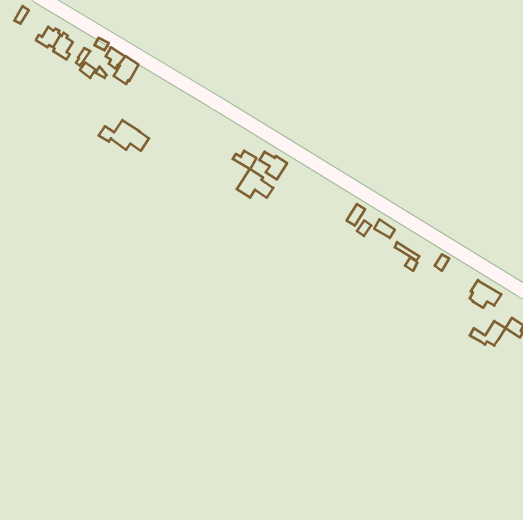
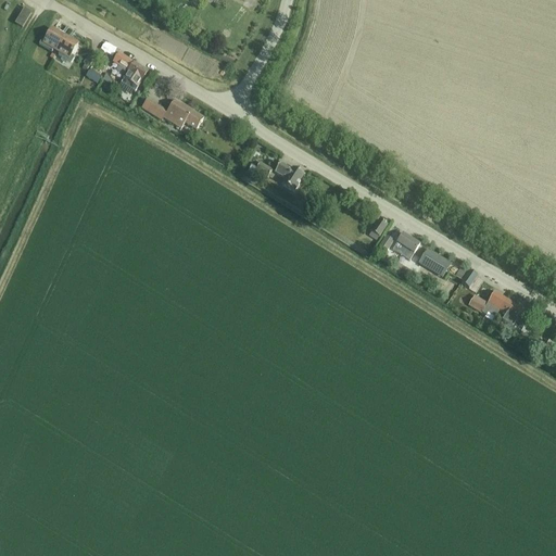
building: [99,120,149,151] -> [150,97,203,129]
building: [237,169,273,198] -> none
building: [470,321,506,346] -> [468,289,506,315]

